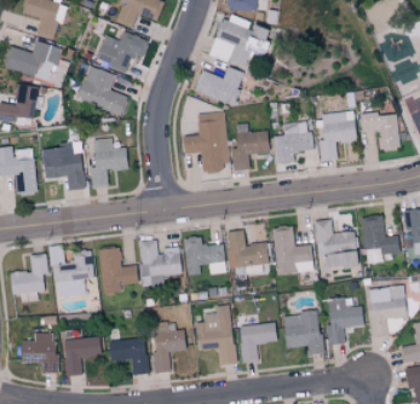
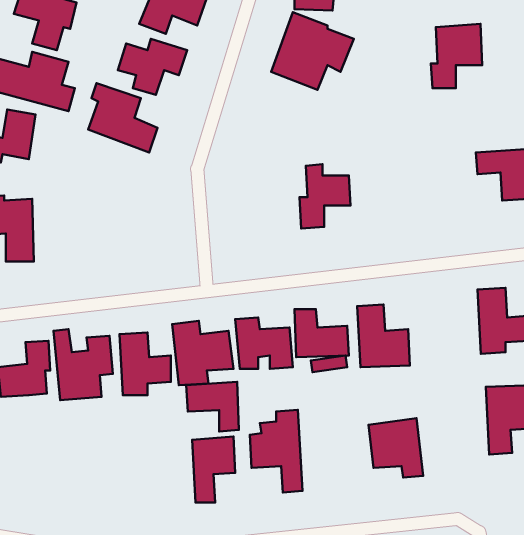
building: [195,68,243,103] -> none
building: [318,111,356,158] -> [431,24,482,88]
building: [183,112,229,173] -> none
building: [275,121,312,163] -> none
building: [90,138,128,187] -> none
building: [41,143,85,190] -> none
building: [315,218,357,269] -> none
building: [326,296,363,344] -> none
building: [240,323,276,362] -> none
building: [21,333,57,373] -> none
building: [63,336,99,375] -> none
building: [108,337,146,374] -> [186,382,239,431]

